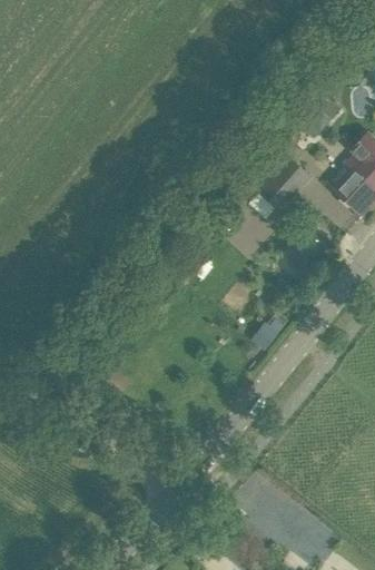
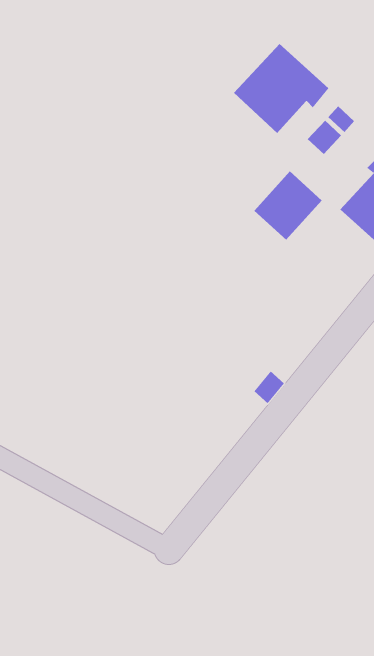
building: none -> [233,43,329,134]

